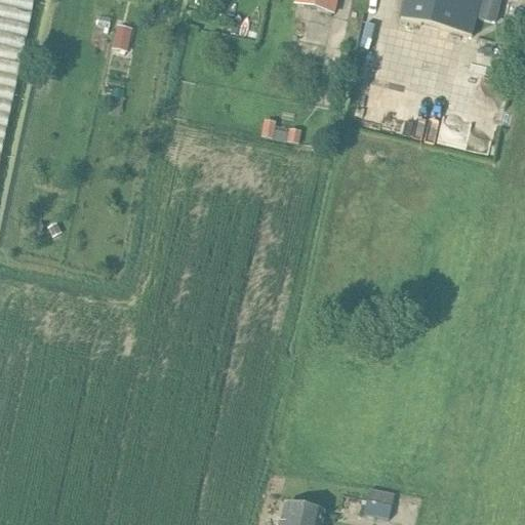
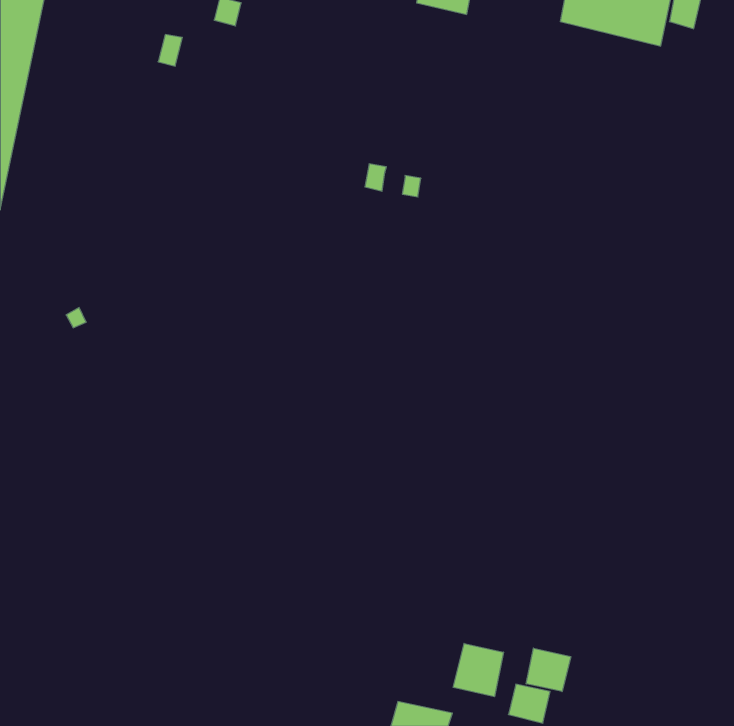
building: none -> [453,643,503,697]
building: none -> [526,648,571,692]

